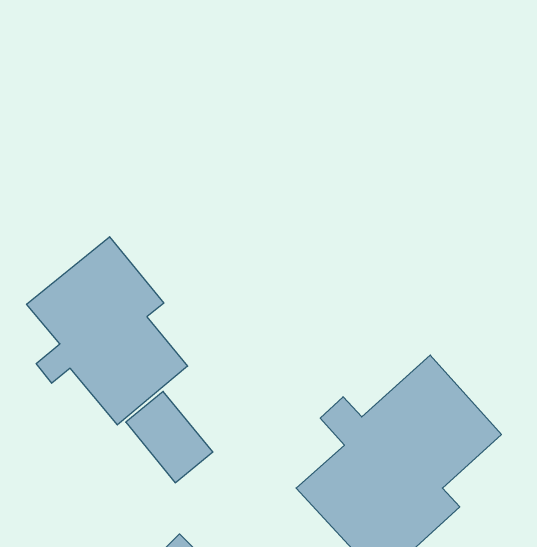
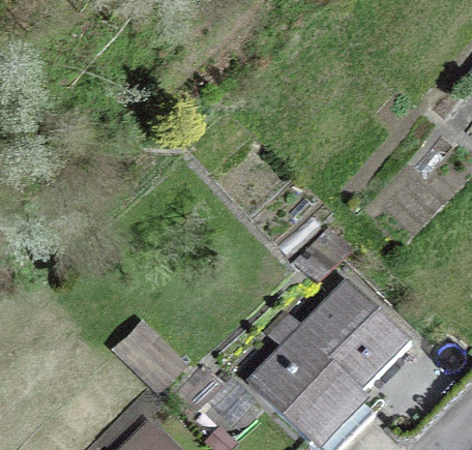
building: [27,237,188,425] -> none

